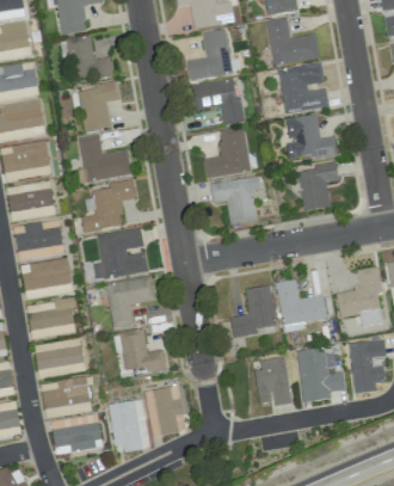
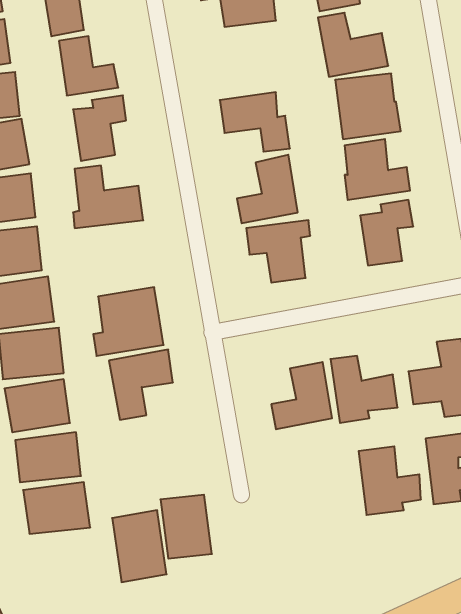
building: [187,27,241,80] -> none
building: [81,179,136,232] -> none
building: [122,328,166,370] -> none
building: [257,357,290,405] -> none
building: [50,413,103,454] -> none

